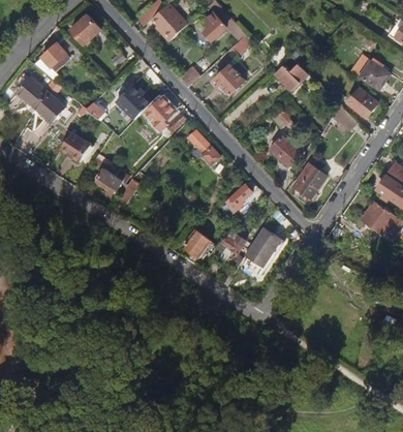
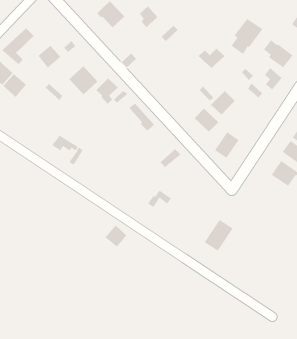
building: [71,17,100,45] -> [37,45,61,69]
building: none -> [231,18,263,55]
building: [214,64,244,94] -> none
building: none -> [210,90,235,115]
building: [60,133,90,163] -> none
building: [245,227,281,267] -> [204,219,233,251]
building: [182,233,210,260] -> [104,225,127,247]

